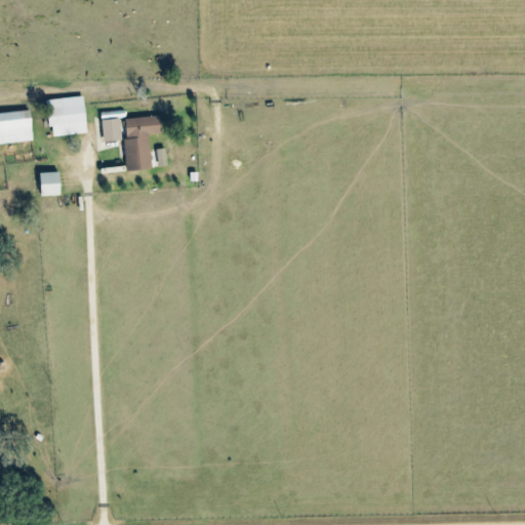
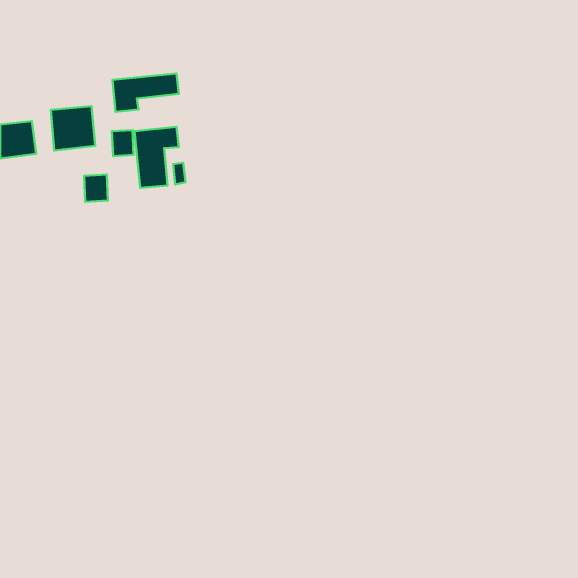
building: none -> [113,73,179,112]
building: [40,171,62,196] -> [84,175,108,202]

